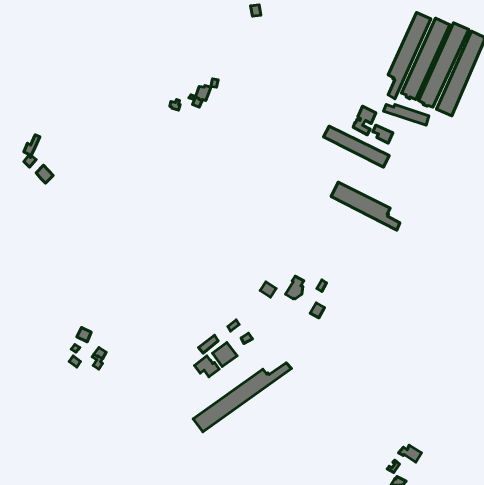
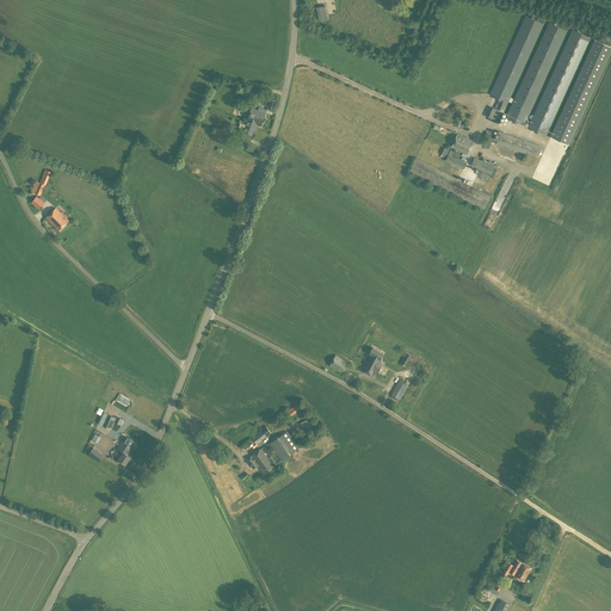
building: [331,182,400,230] -> none
building: [193,363,291,432] -> none

